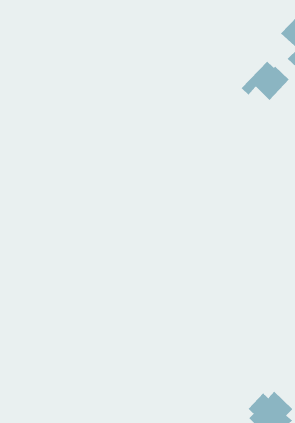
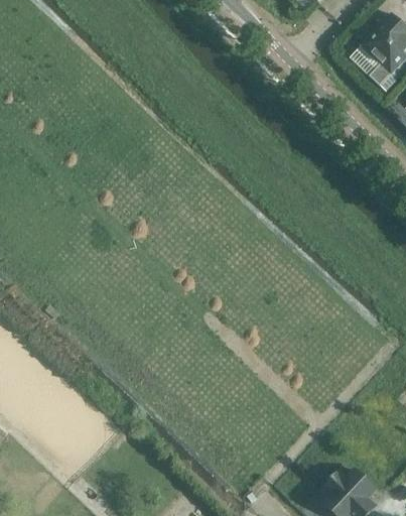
building: [241,61,290,101] -> none

